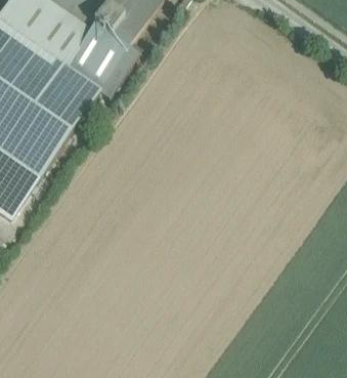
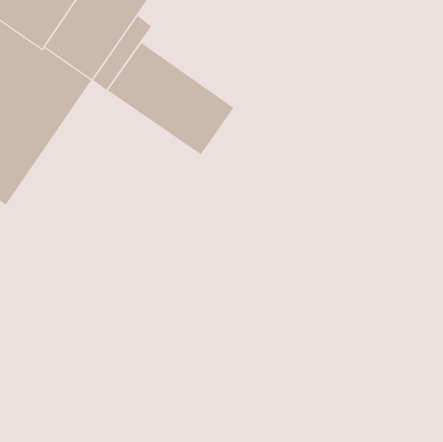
building: none -> [107,42,234,155]

